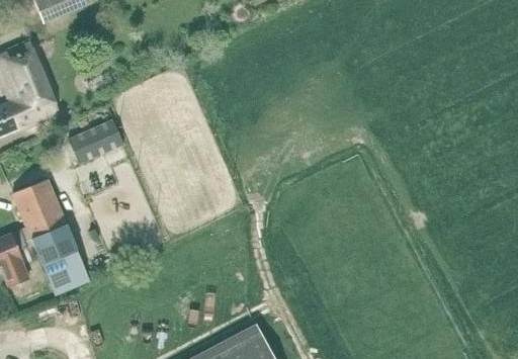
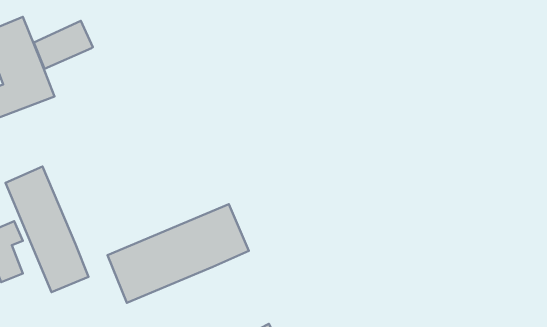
building: [70,119,124,164] -> [34,21,93,69]
building: none -> [108,204,249,303]

